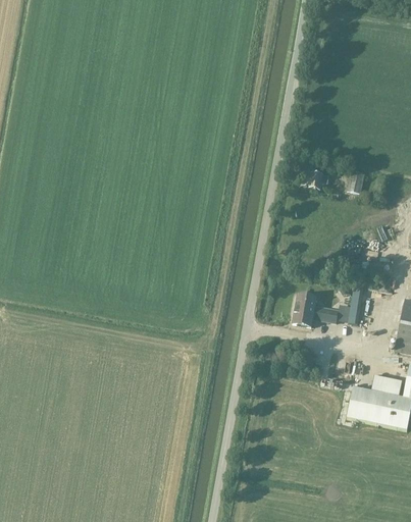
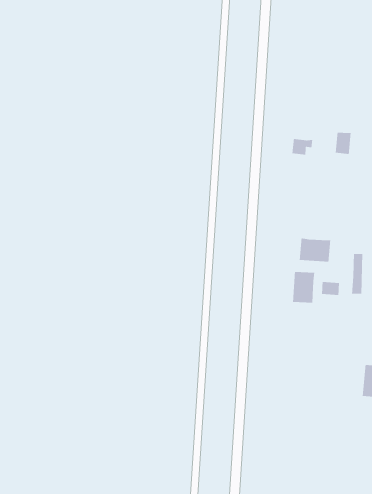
building: none -> [299,238,331,262]

